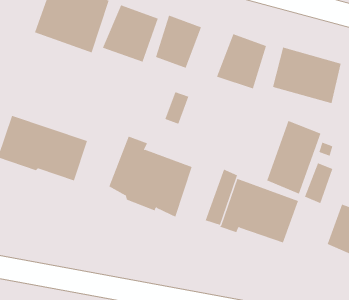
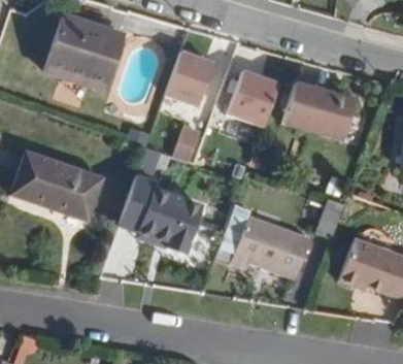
building: [102,4,159,63] -> none
building: [266,120,321,194] -> none

